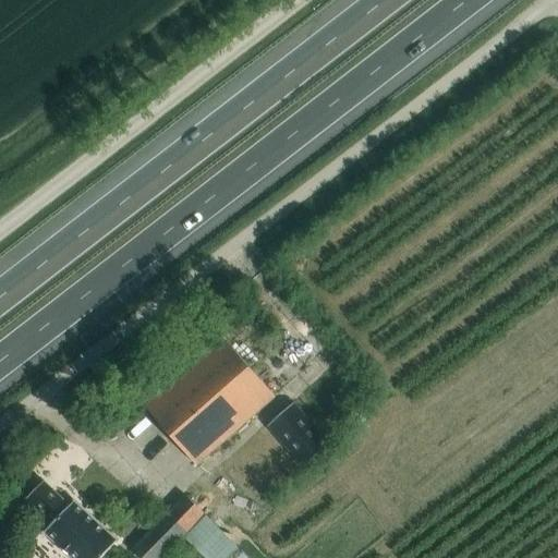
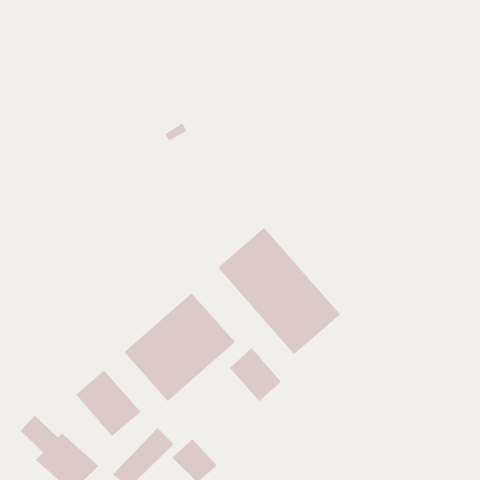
building: none -> [217,227,341,355]
building: none -> [75,370,141,437]

